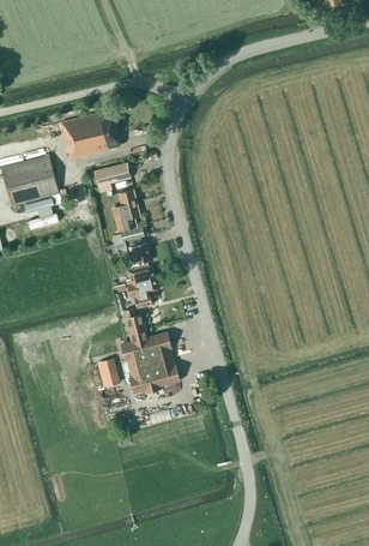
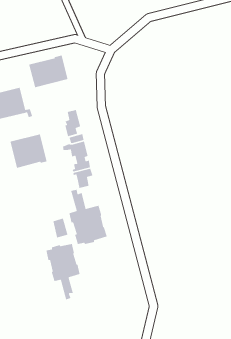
building: [93,163,128,192] -> none
building: none -> [10,133,48,169]
building: none -> [46,243,81,300]

